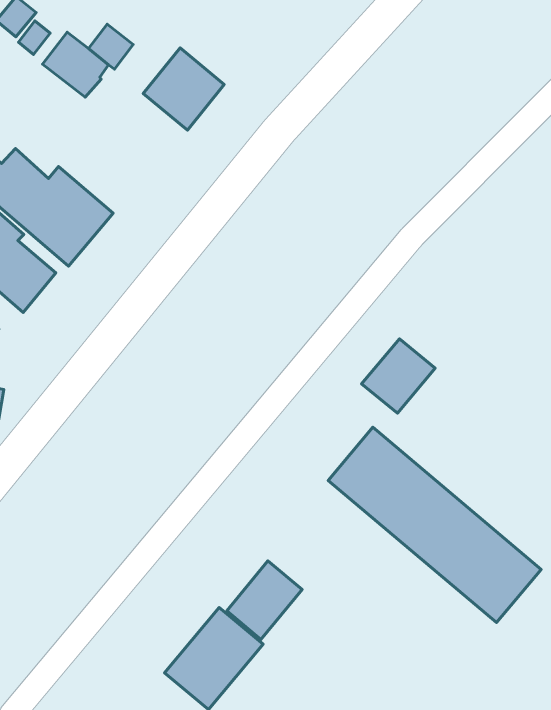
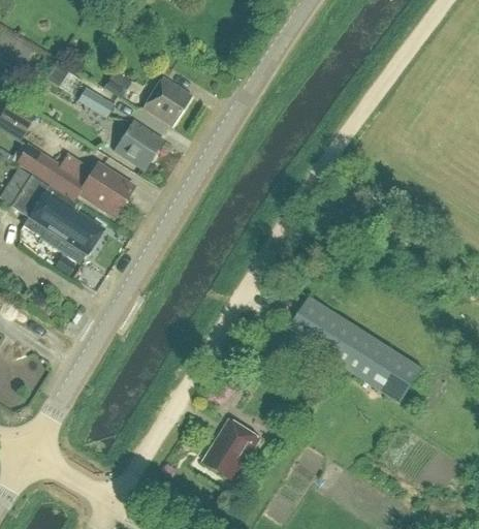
building: none -> [113,124,162,173]
building: [361,339,435,413] -> none
building: [227,561,302,640] -> none

